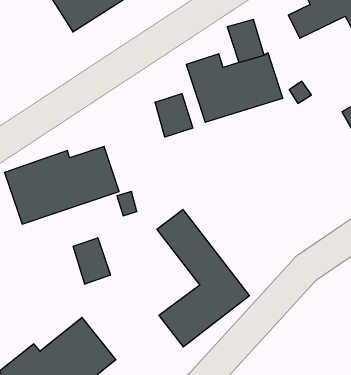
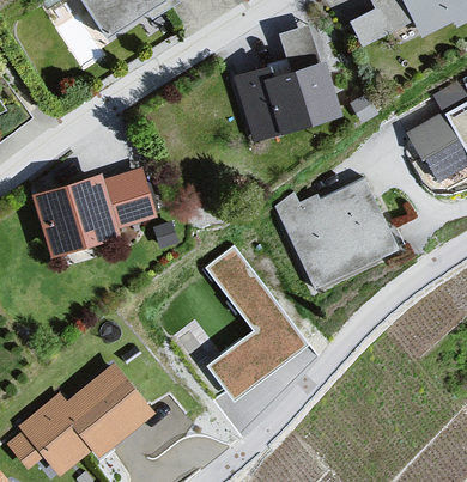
building: [155,94,193,137] -> none
building: none -> [275,178,400,289]
building: [73,238,110,284] -> none

